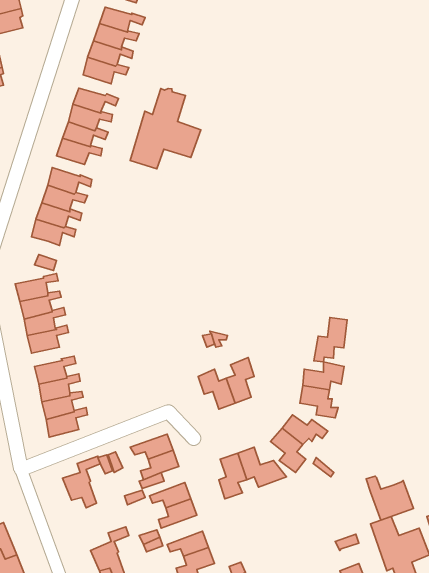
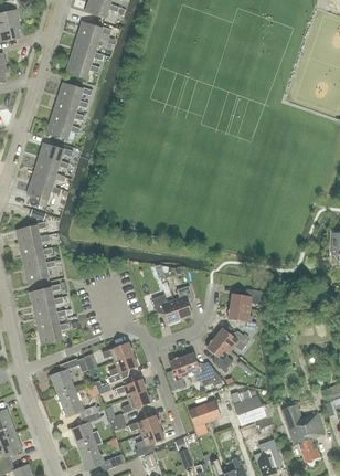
building: [130,88,201,169] -> none
building: [314,318,347,362] -> none
building: [366,476,413,520] -> [231,391,266,424]
building: none -> [57,389,98,416]
building: none -> [189,400,221,425]

